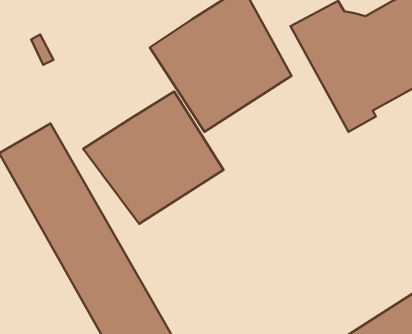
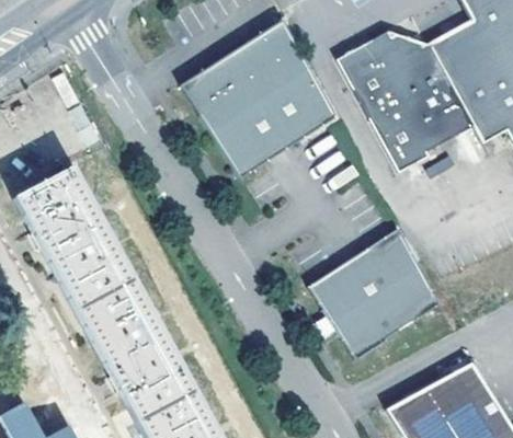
building: [83,92,223,224] -> none
building: none -> [304,228,442,358]

